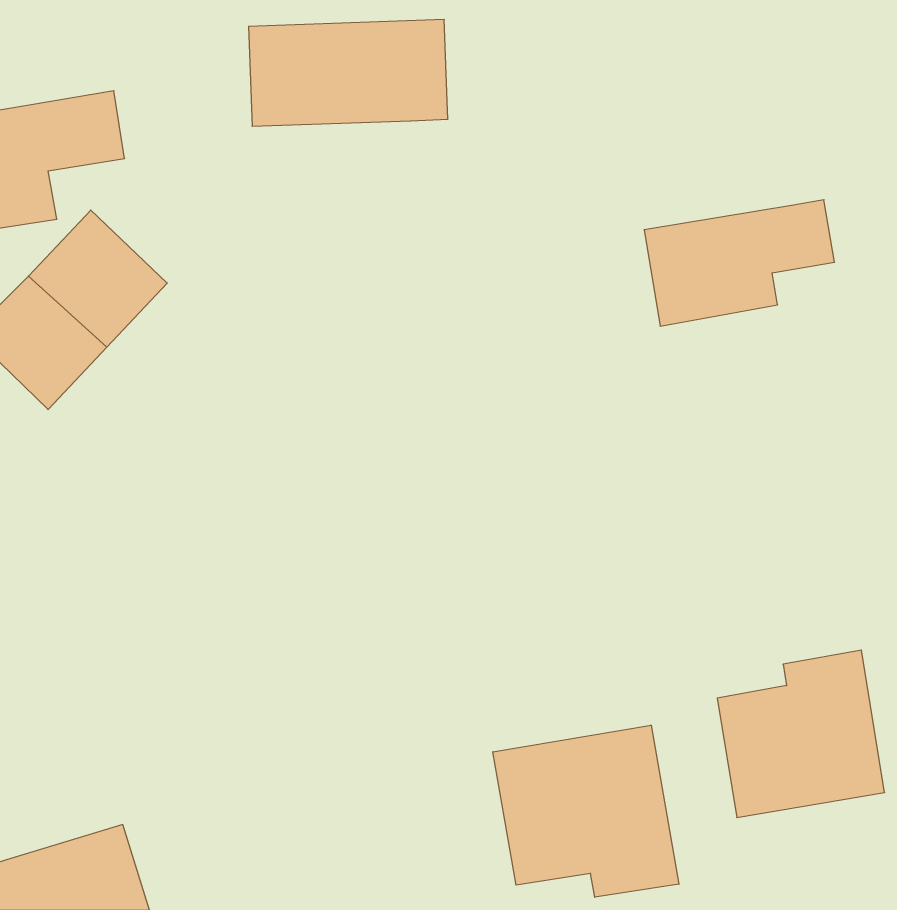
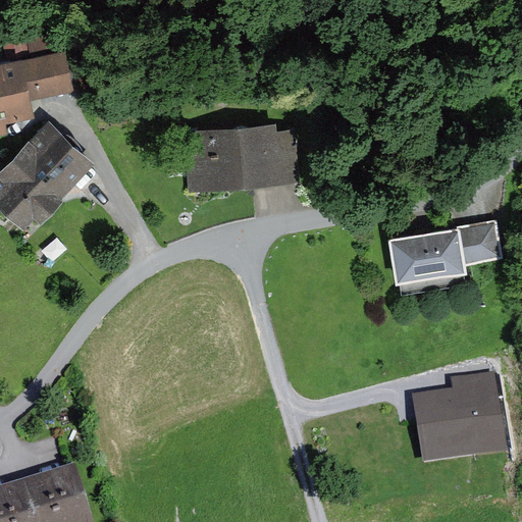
building: [249,19,448,126] -> [185,125,299,187]
building: [644,200,835,326] -> [392,220,501,293]
building: [493,725,679,897] -> none

